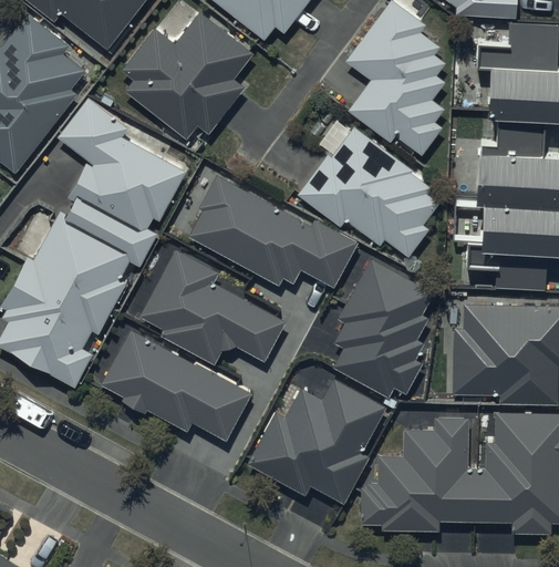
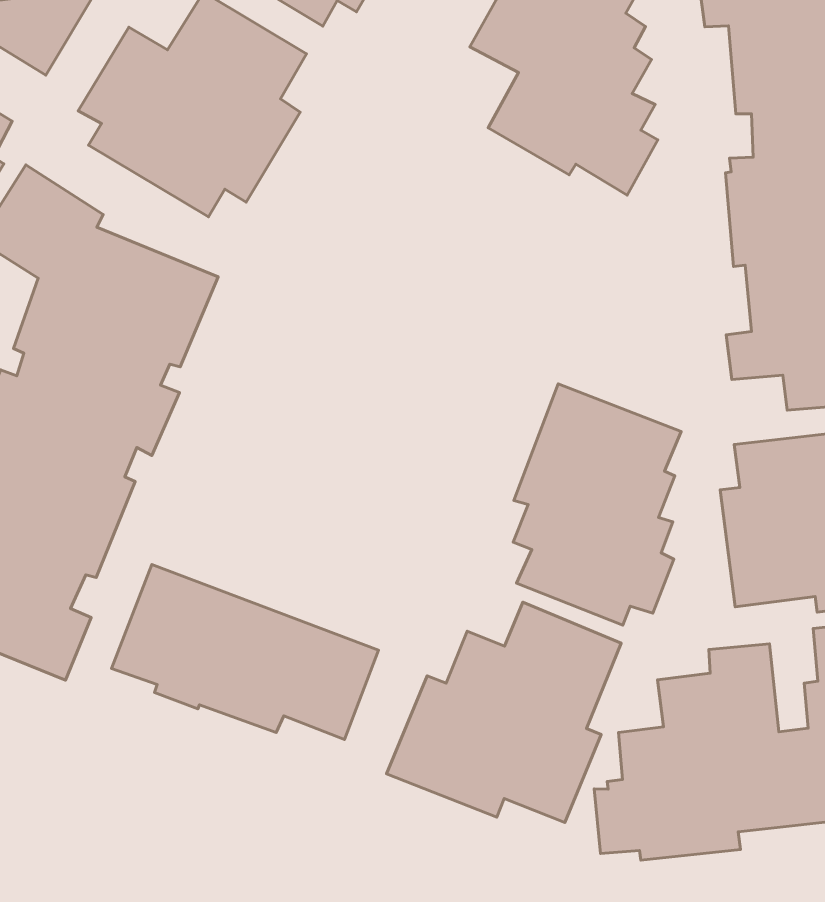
building: [297,115,441,257] -> none
building: [187,174,356,287] -> none
building: [138,249,284,364] -> none

